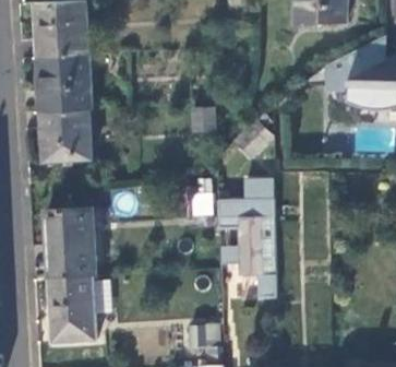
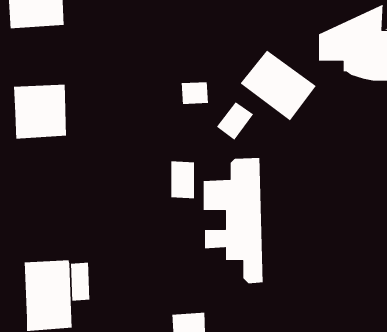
building: [36,56,91,113] -> none
building: none -> [240,50,317,122]
building: [46,208,95,277] -> none

